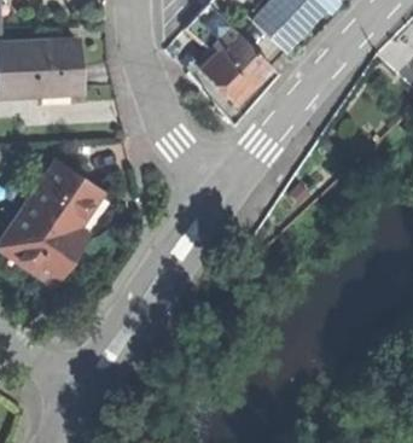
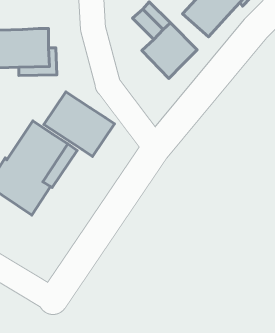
building: none -> [44,92,114,156]

